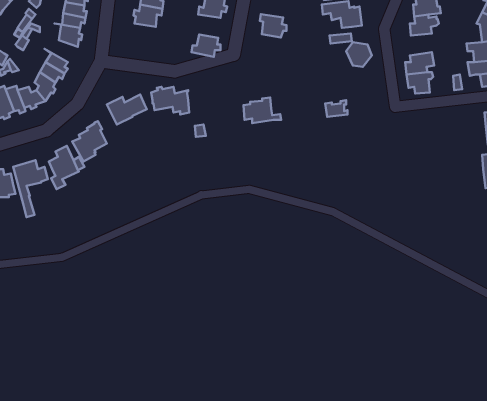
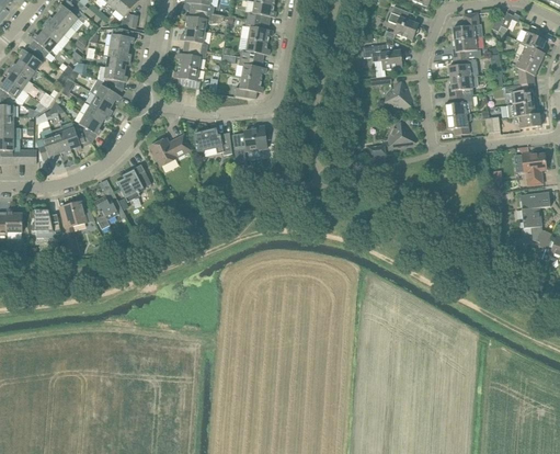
building: [260,14,286,37] -> [239,57,265,80]
building: none -> [173,66,199,89]
building: none -> [447,76,472,98]
building: none -> [89,79,122,104]
building: none -> [388,125,414,149]
building: [243,97,281,123] -> [237,126,274,151]

